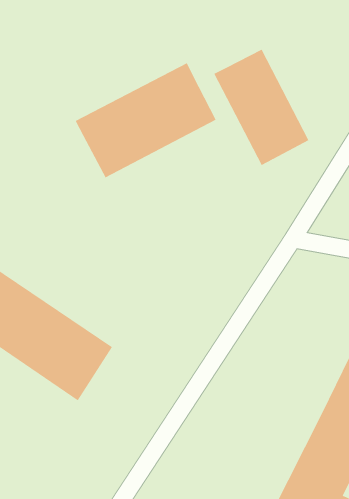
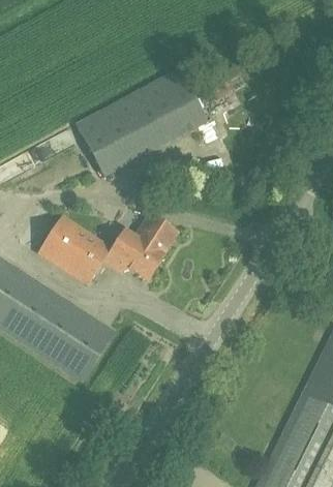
building: [214,49,309,166] -> none
building: none -> [37,214,177,283]

